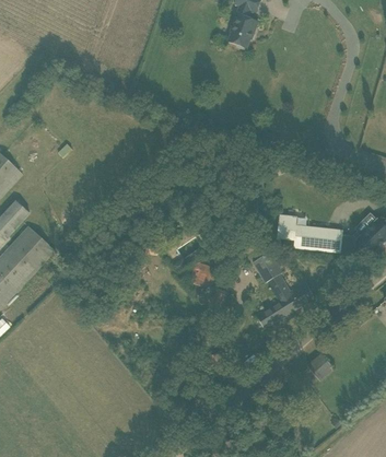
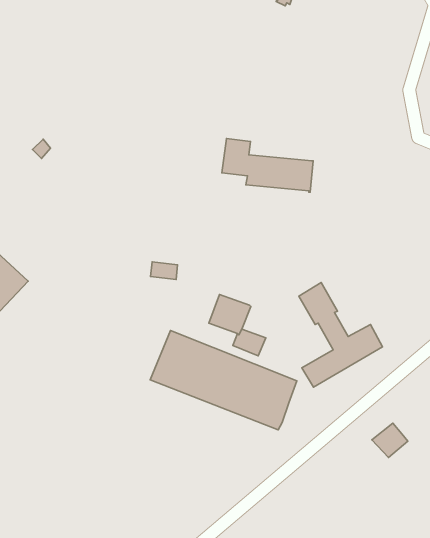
building: [276,213,342,253] -> [222,138,313,192]
building: none -> [150,330,297,430]

